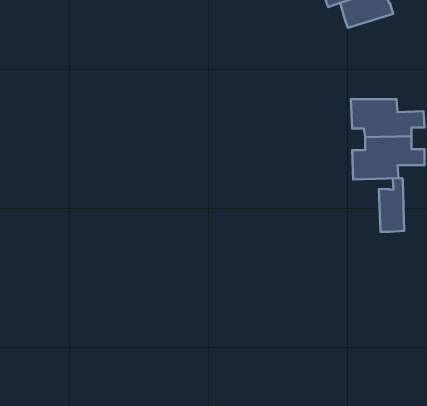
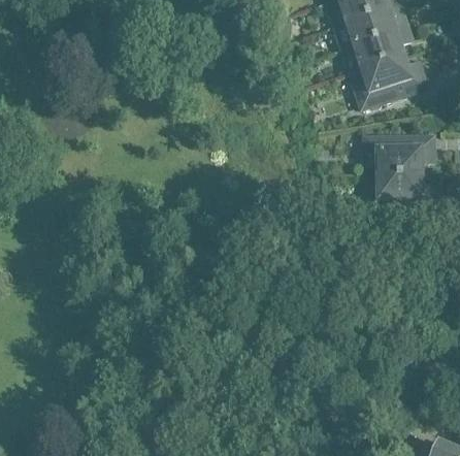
building: none -> [354,53,428,106]
building: [379,178,404,232] -> none

